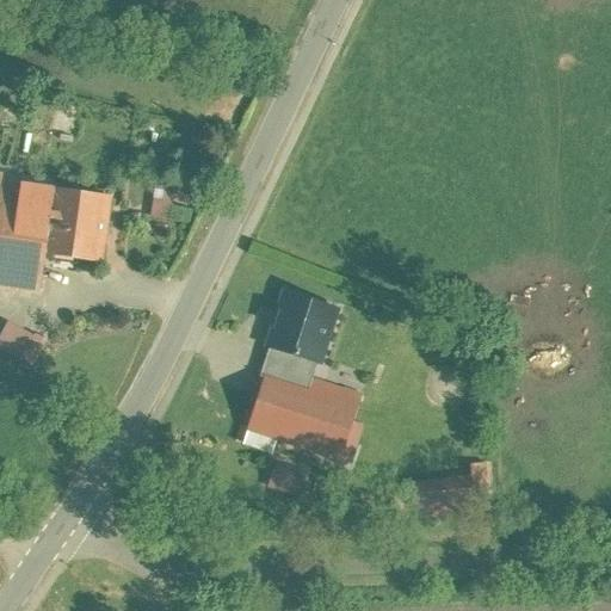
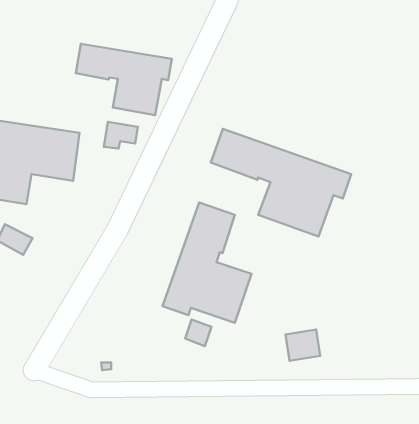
building: none -> [76,44,172,115]
building: none -> [211,129,351,237]

